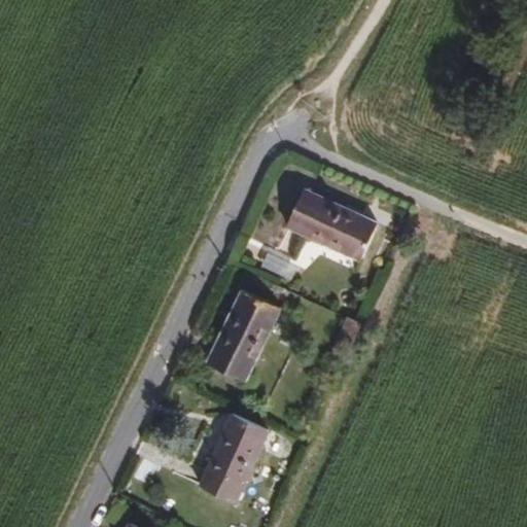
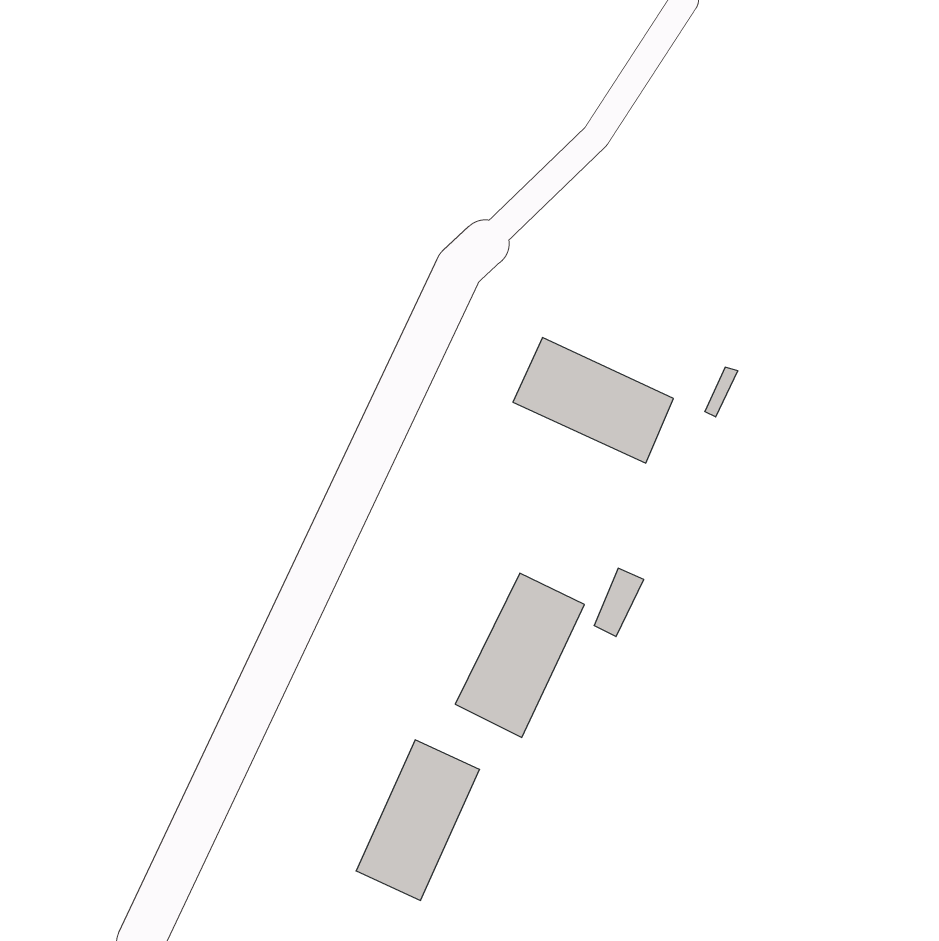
building: [207,290,279,382] -> [455,573,584,737]

